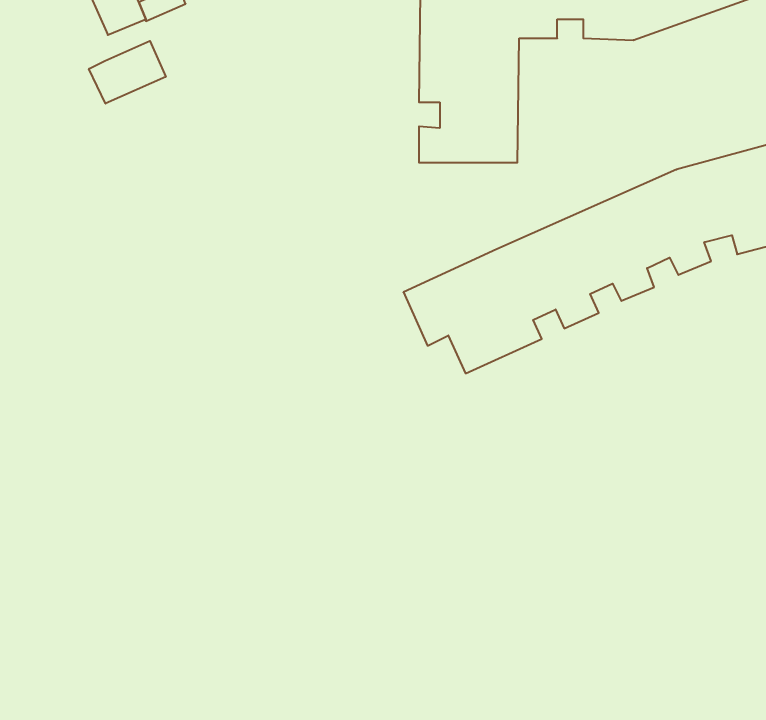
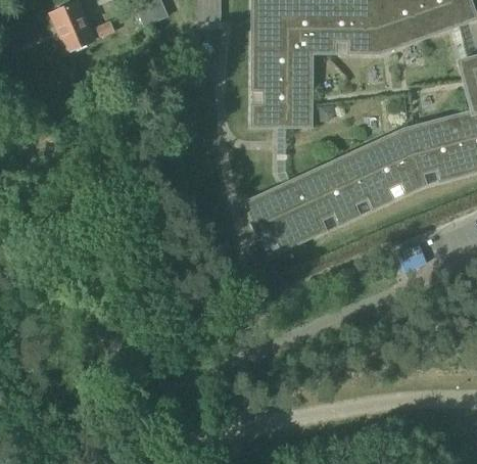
building: [89,41,166,104] -> none

